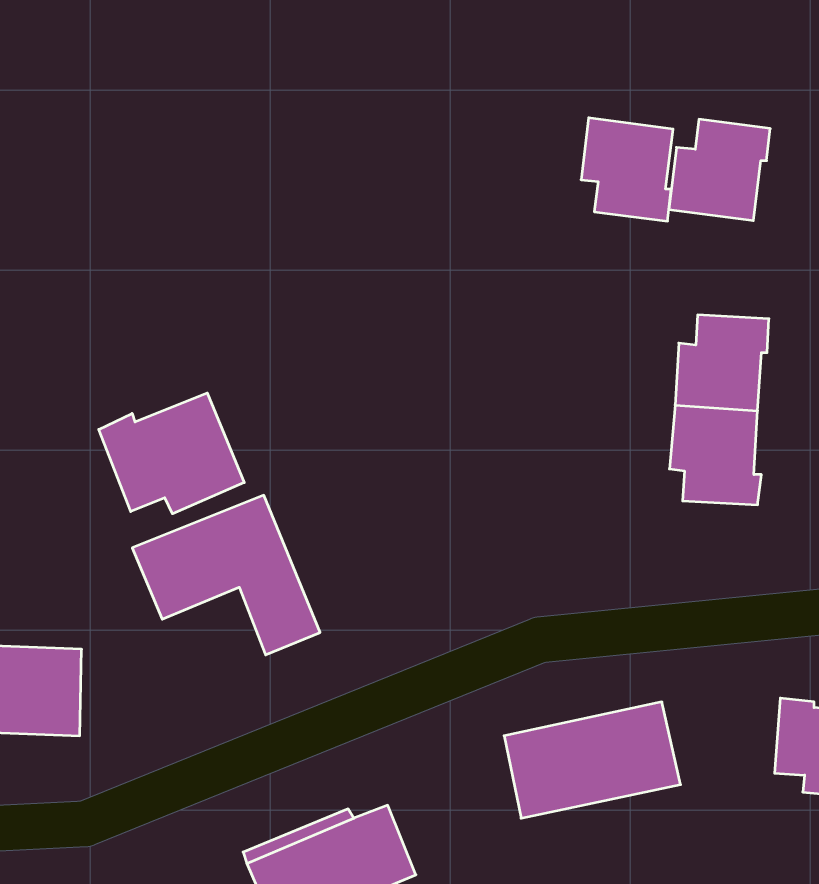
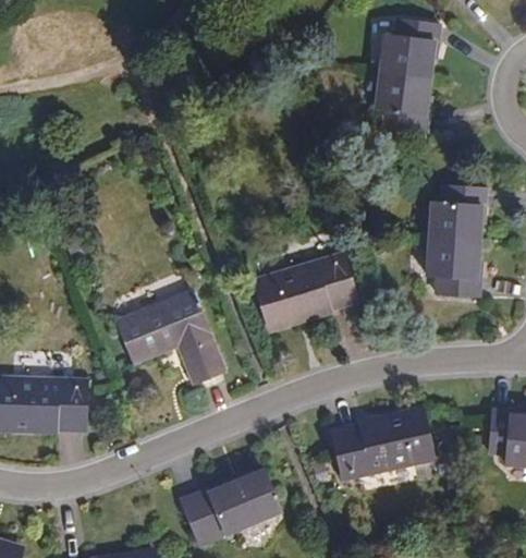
building: [669,119,770,221] -> [381,21,440,80]
building: [99,393,244,514] -> none
building: none -> [253,255,358,330]

